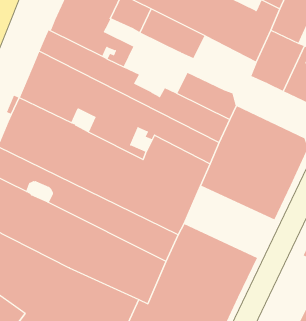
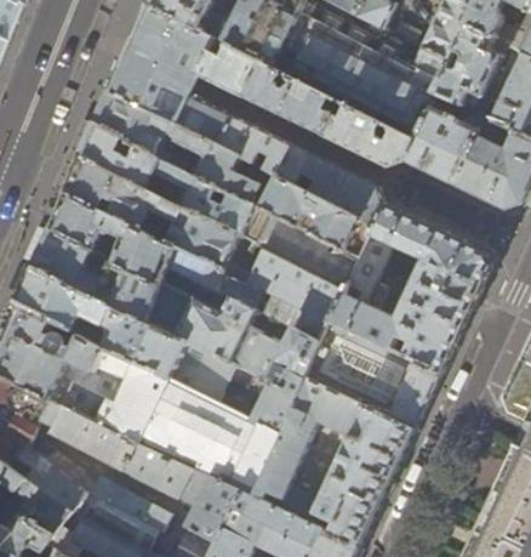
building: none -> [320,102,412,167]
building: none -> [217,118,310,187]
building: none -> [306,324,440,431]

